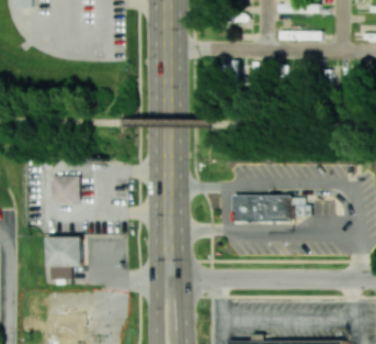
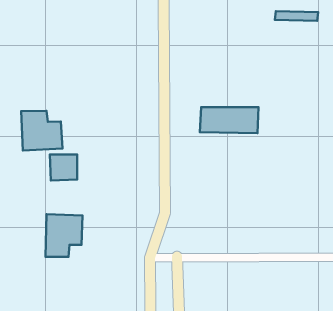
building: none -> [21,111,62,150]
building: [233,196,293,222] -> [200,107,259,133]

